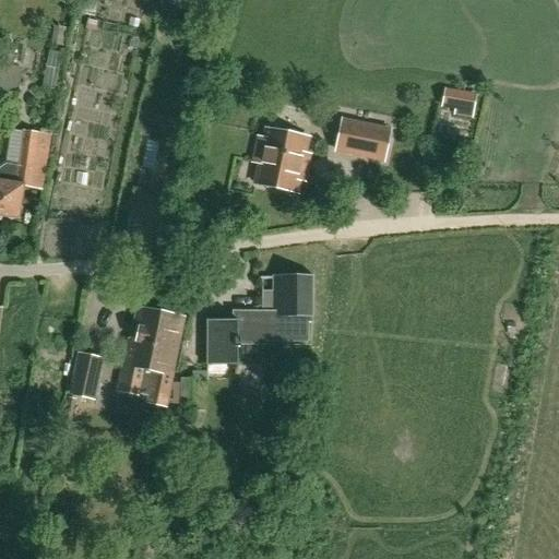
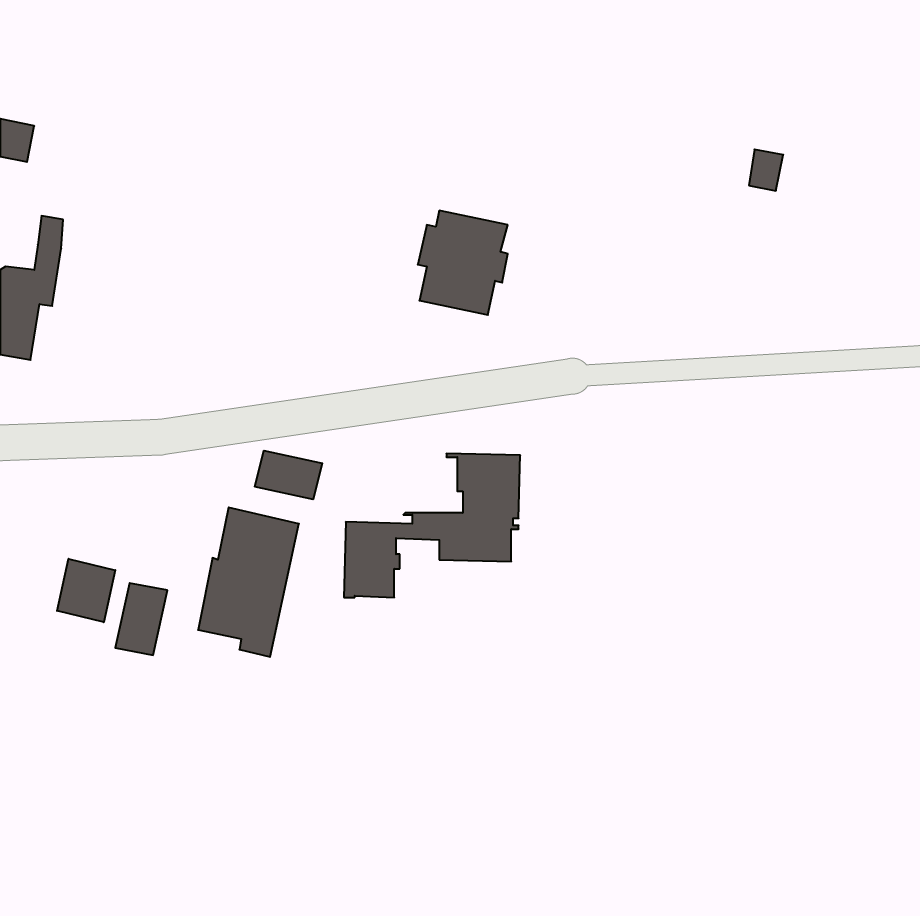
building: [336,120,389,158] -> none
building: none -> [255,451,322,499]
building: none -> [57,559,115,622]

